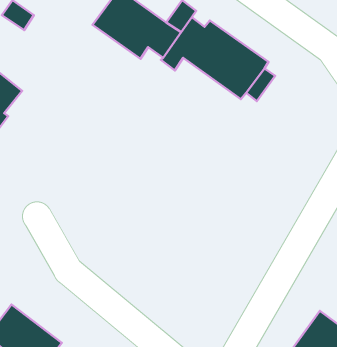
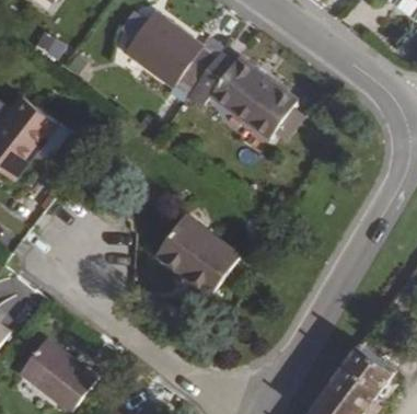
building: none -> [161,222,244,300]

